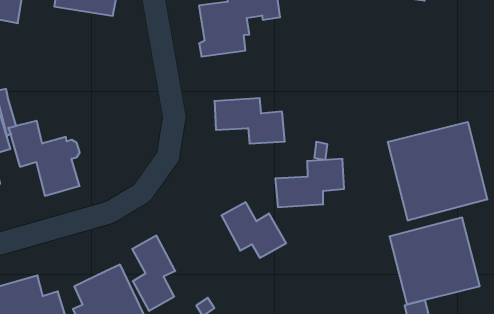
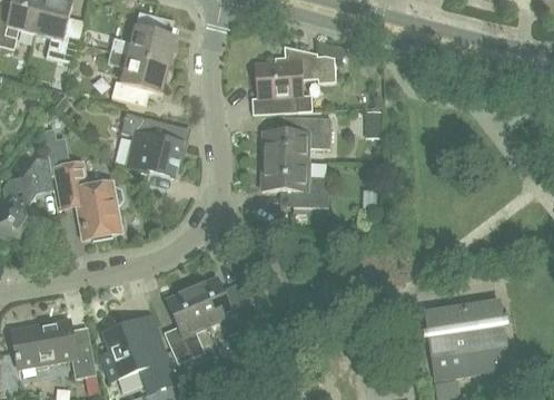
building: none -> [107,50,168,105]
building: none -> [120,111,182,176]
building: [388,122,487,221] -> none
building: [275,159,344,207] -> [261,116,330,160]
building: [221,202,286,258] -> [191,277,254,334]

